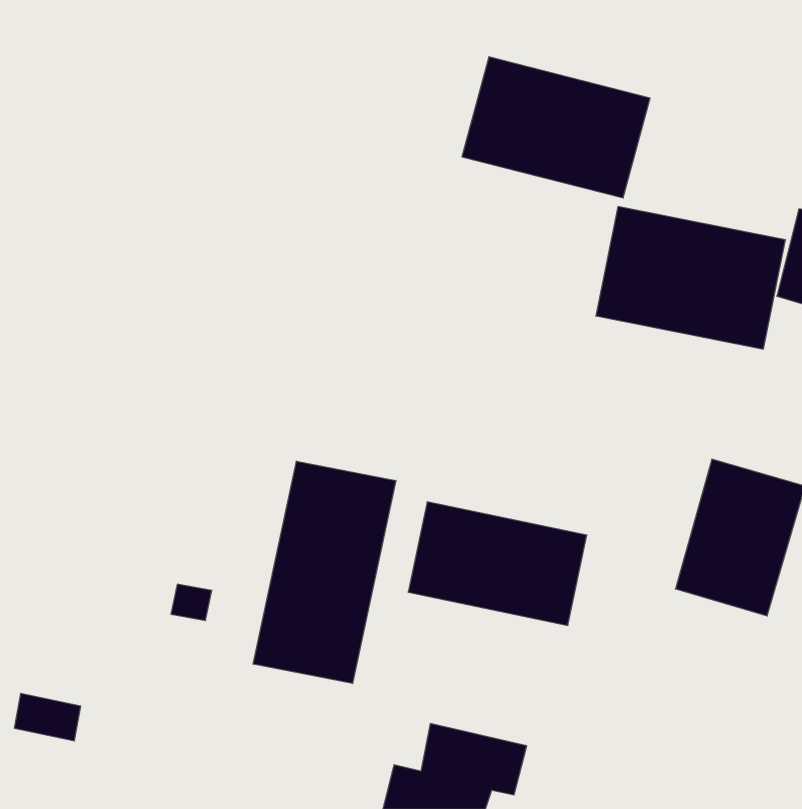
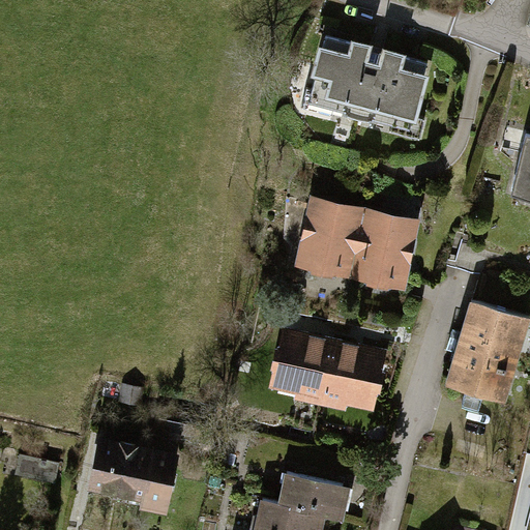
building: [596,207,786,349] -> [294,197,418,290]
building: [253,461,396,684] -> none
building: none -> [83,435,177,514]

